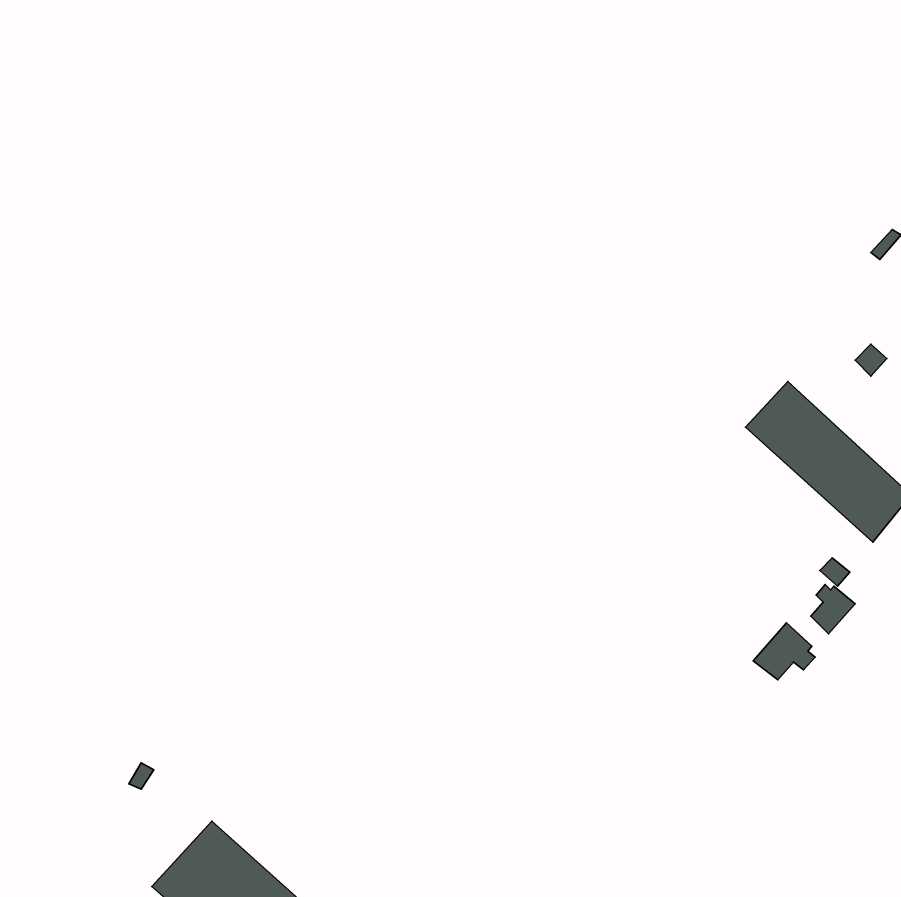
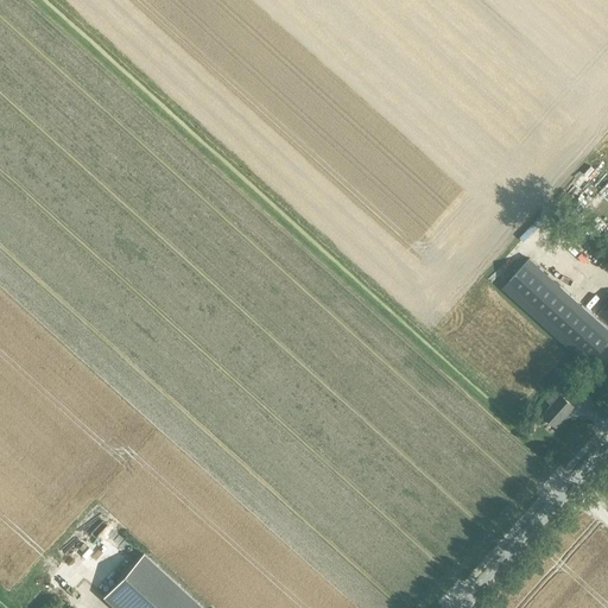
building: [753,623,815,680] -> none

